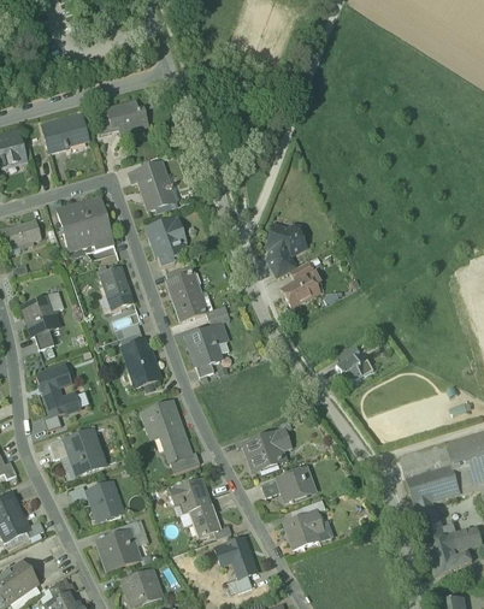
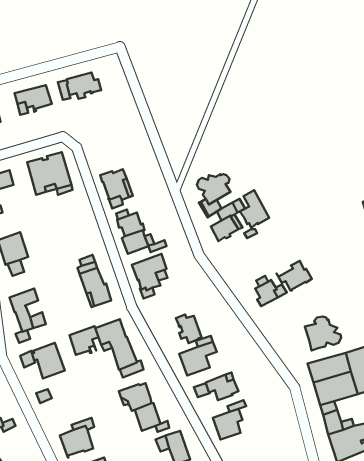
building: [129,161,179,209] -> none
building: none -> [240,190,269,227]
building: [99,266,134,309] -> none
building: none -> [277,261,312,291]
building: none -> [176,315,201,343]
building: none -> [305,316,341,350]
building: none -> [70,326,98,355]
building: [88,483,122,519] -> none

